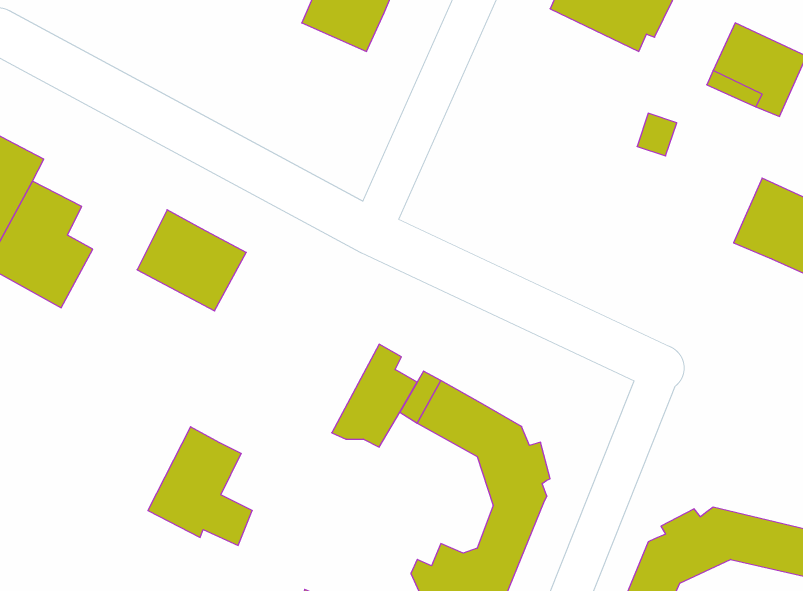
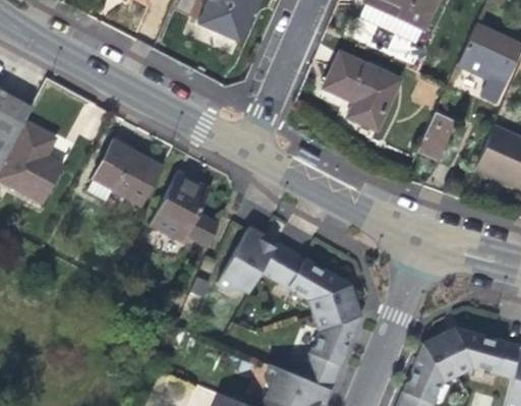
building: none -> [323,53,398,130]
building: none -> [417,113,455,161]
building: [148,427,252,545] -> [150,172,217,248]

